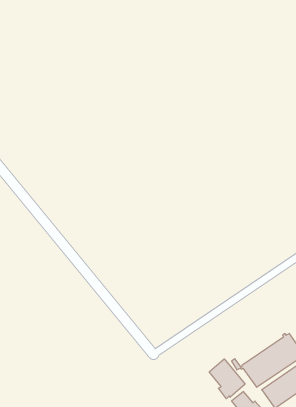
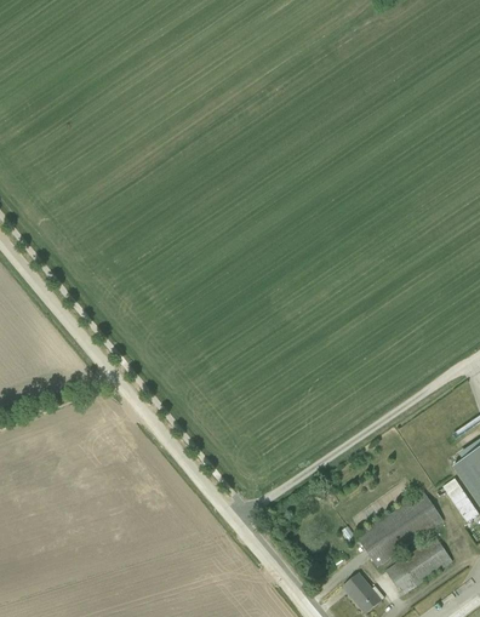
building: [209,359,245,399] -> none

